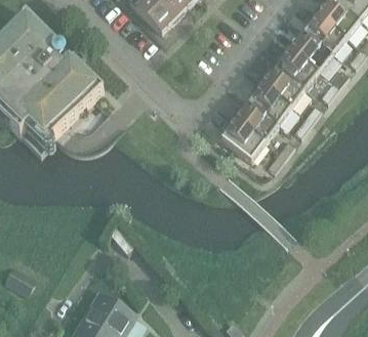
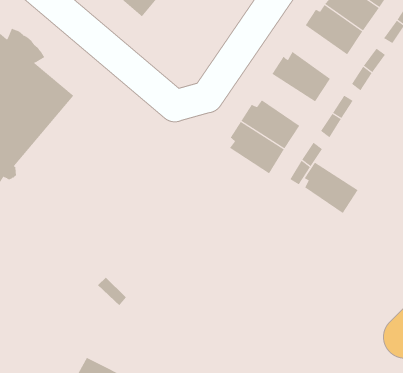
building: [276,46,319,89] -> none
building: [249,82,291,124] -> [304,162,359,214]

